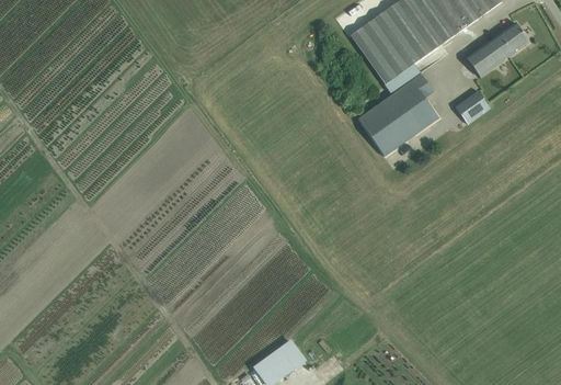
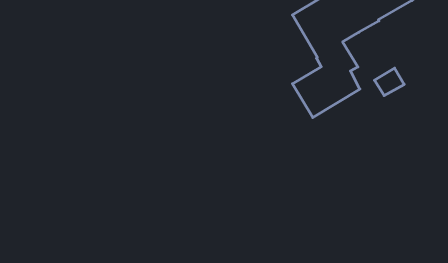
building: [466,23,529,77] -> none

